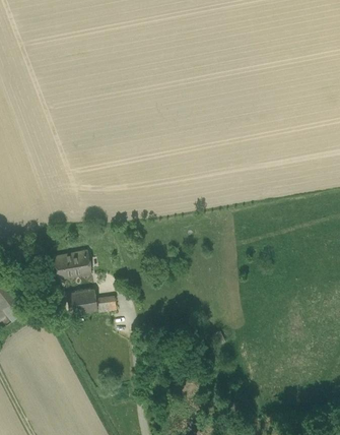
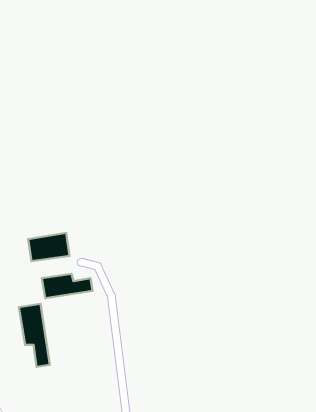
building: none -> [19,304,50,367]

